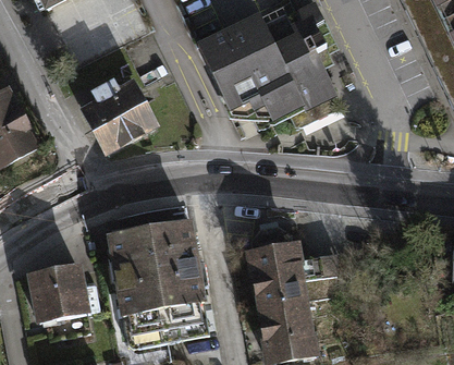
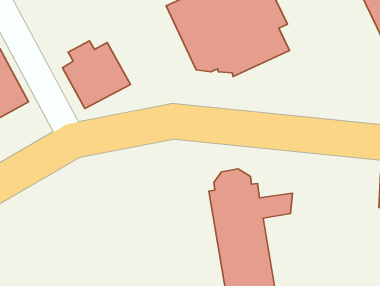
building: [103,217,211,348] -> none
building: [24,260,90,324] -> none

